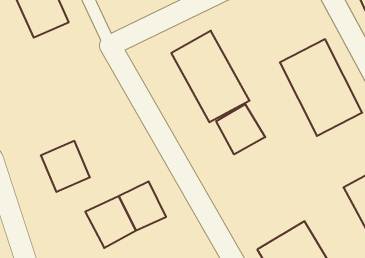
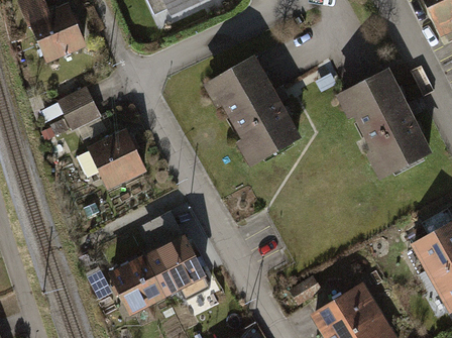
building: none -> [45,86,102,136]
building: [216,104,265,154] -> none
building: [41,141,90,192] -> [89,130,146,190]

